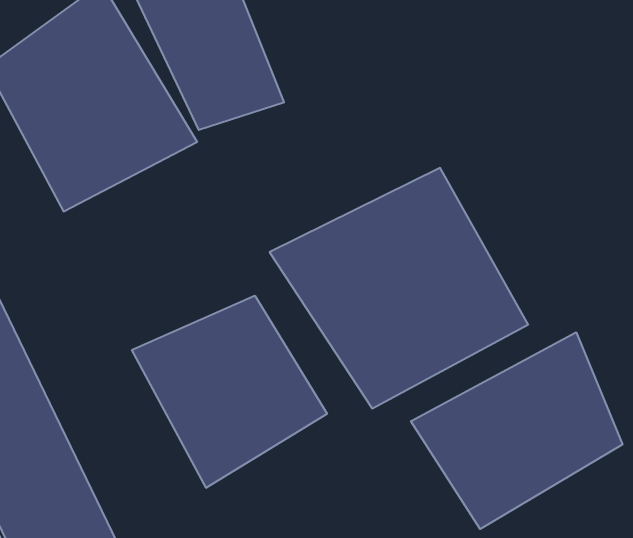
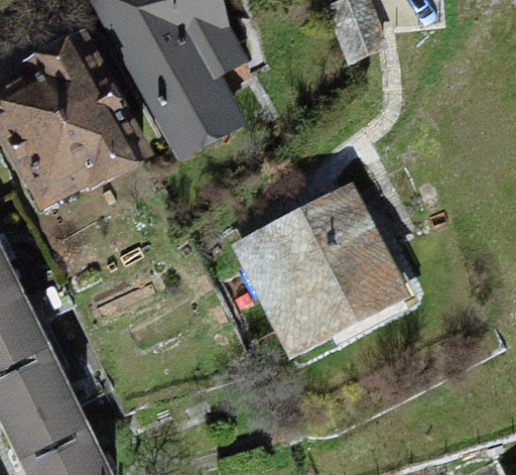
building: [132,296,327,488] -> none
building: [411,332,622,529] -> none

